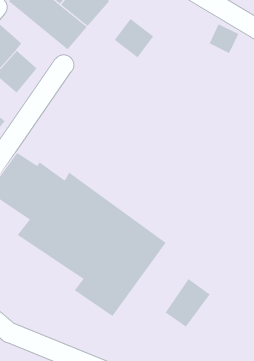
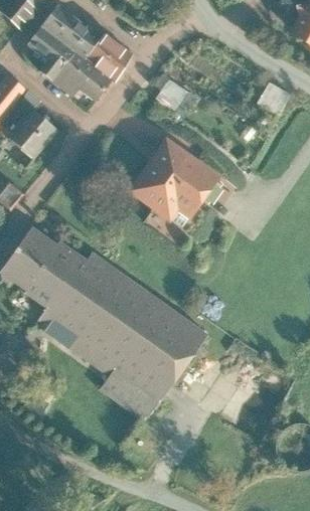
building: none -> [126,136,221,222]
building: [165,278,210,327] -> none

